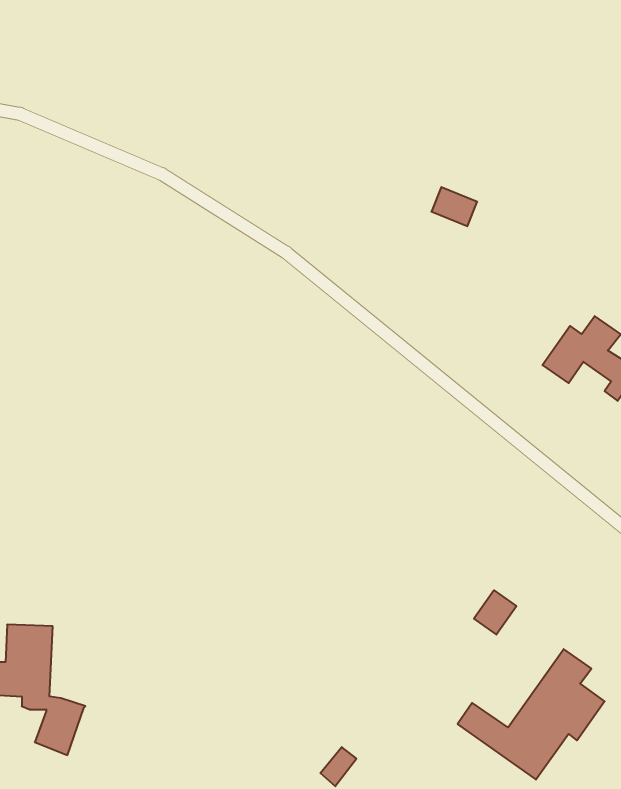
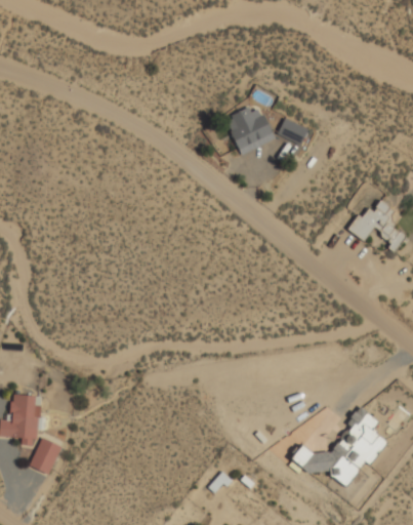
building: none -> [225,103,275,154]
building: [474,590,516,635] -> none

